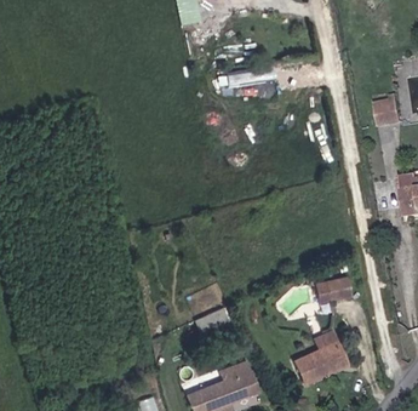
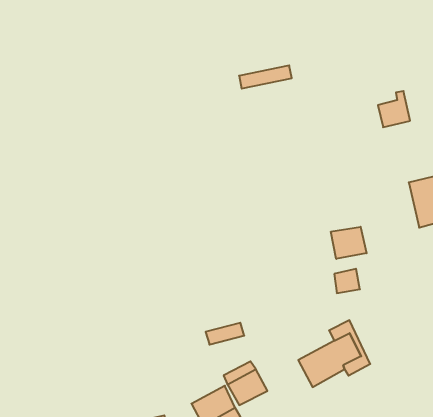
building: none -> [331,227,367,259]

